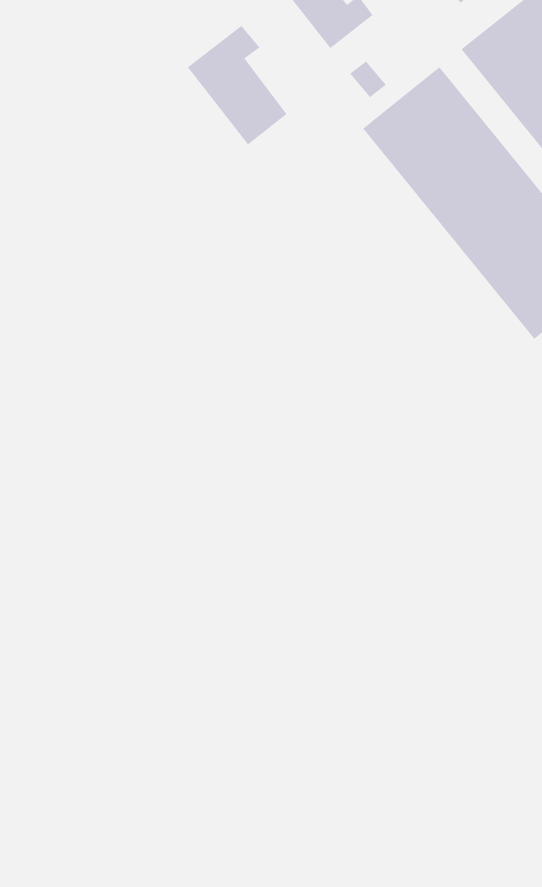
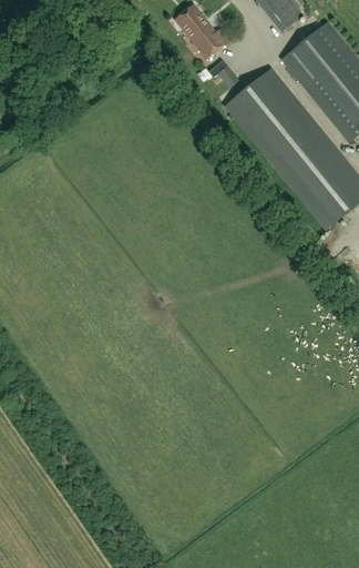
building: [187,25,287,146] -> none

